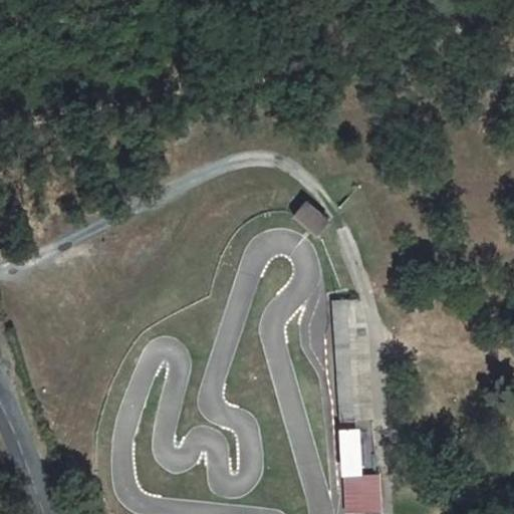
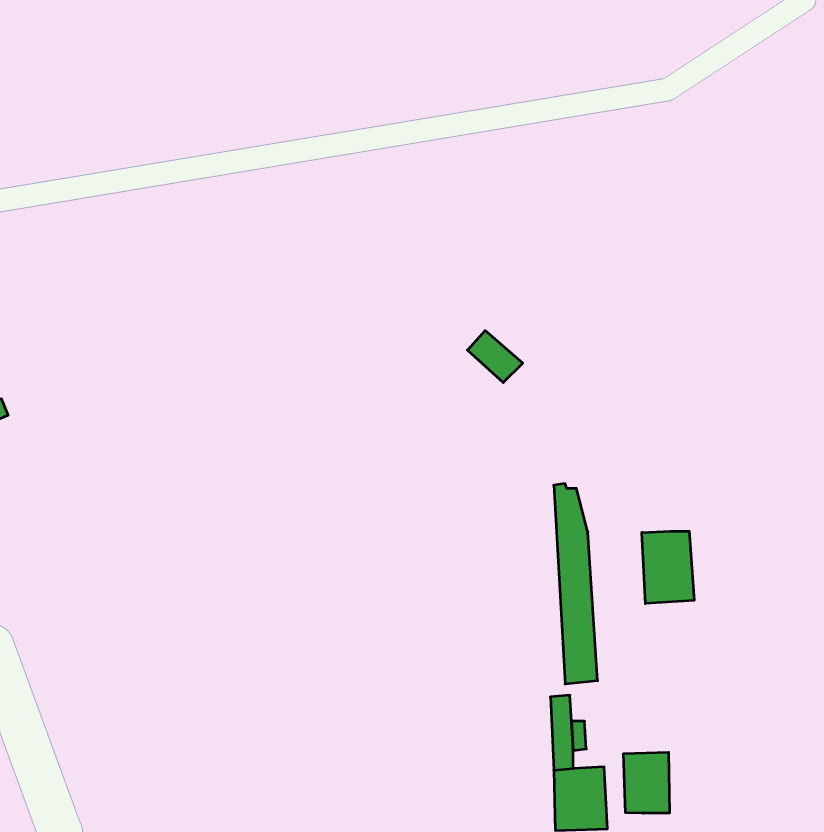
building: none -> [642,531,694,604]
building: none -> [624,752,669,813]

